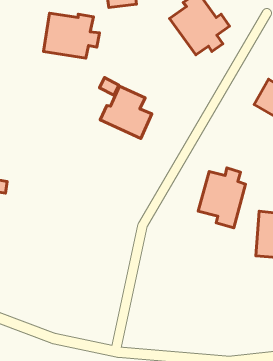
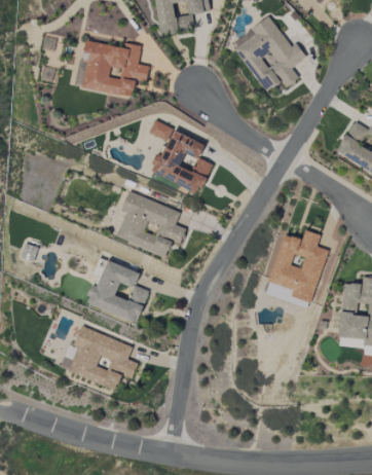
building: none -> [115,191,185,256]
building: none -> [85,260,148,321]
building: none -> [67,327,137,389]

